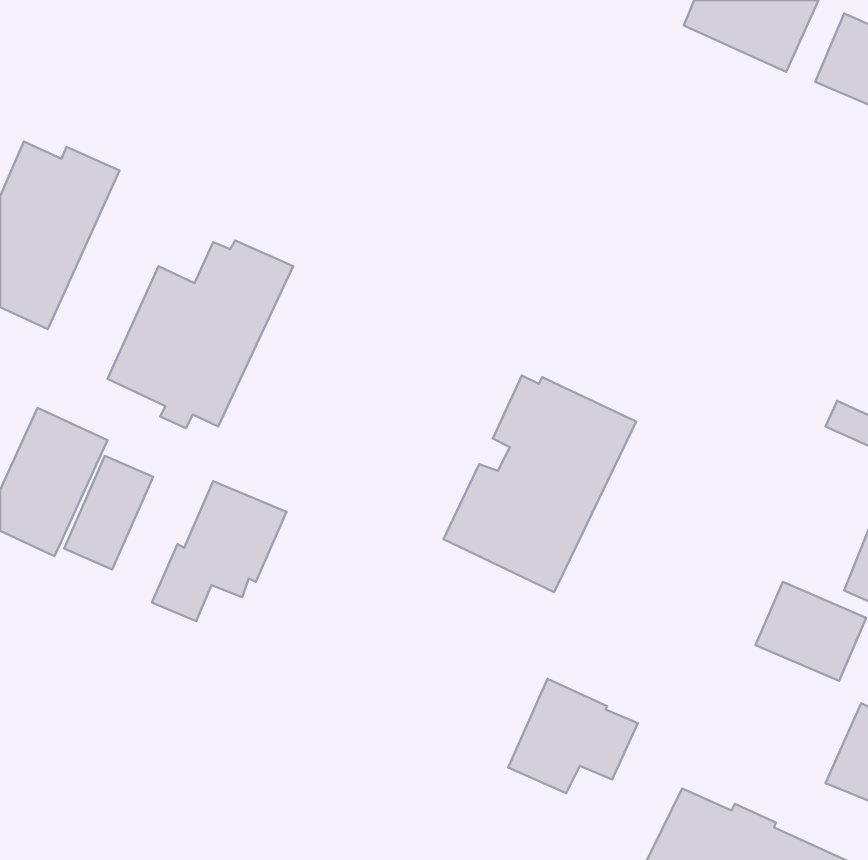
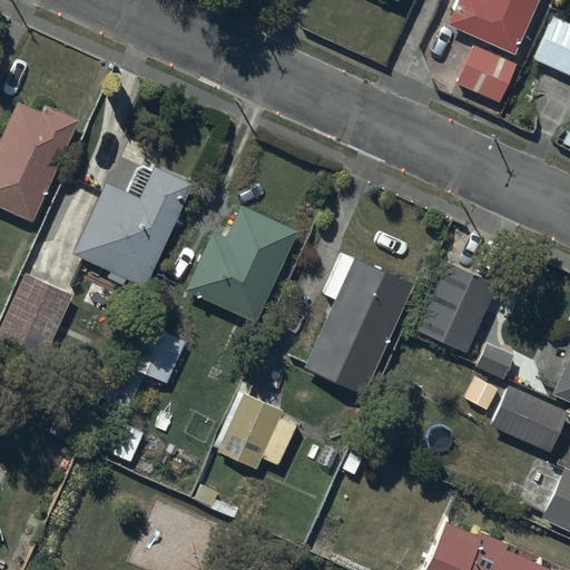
building: none -> [456,46,519,105]
building: none -> [185,204,298,322]
building: none -> [419,261,489,352]
building: [64,456,153,570] -> none
building: [508,679,638,793] -> [218,393,303,468]

